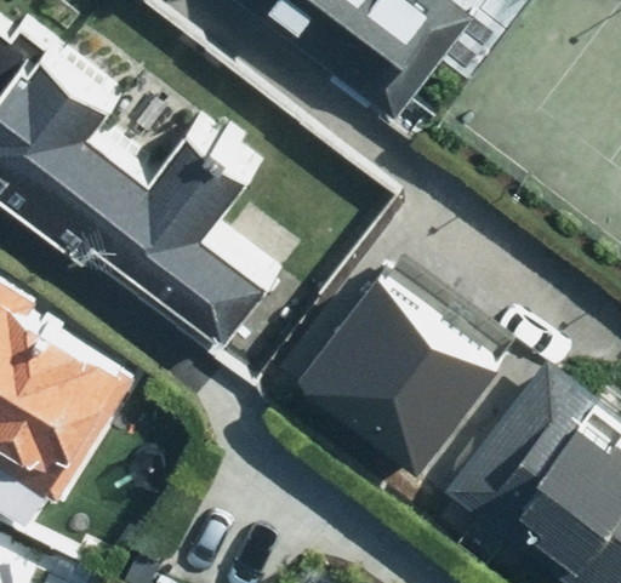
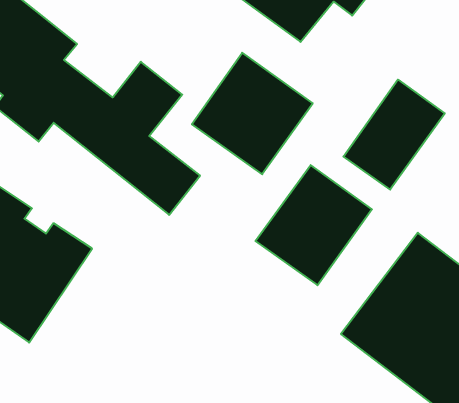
building: none -> [192,53,313,174]
building: none -> [343,80,445,190]

